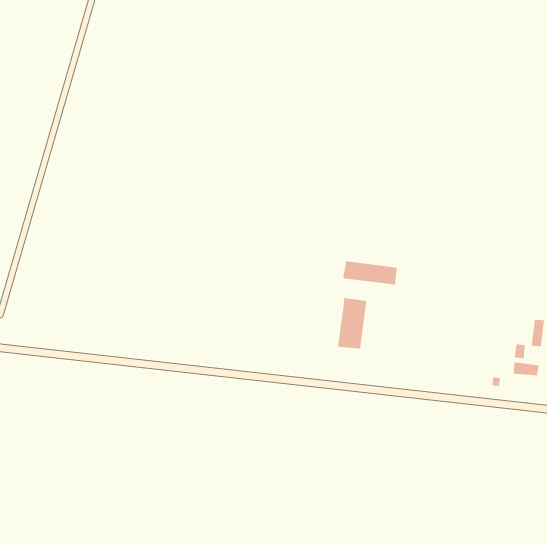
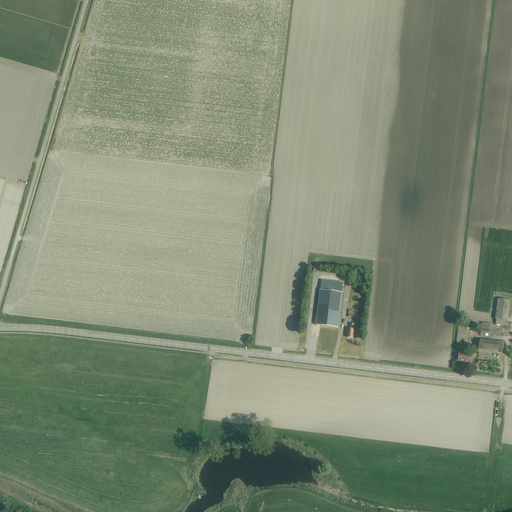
building: [342,261,397,286] -> none

